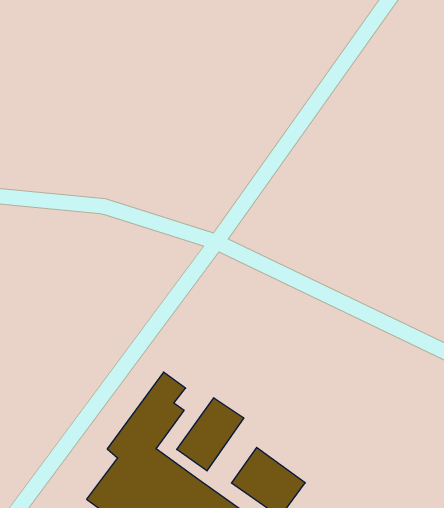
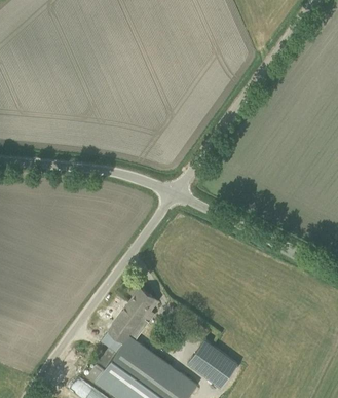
building: [177,398,244,471] -> none

